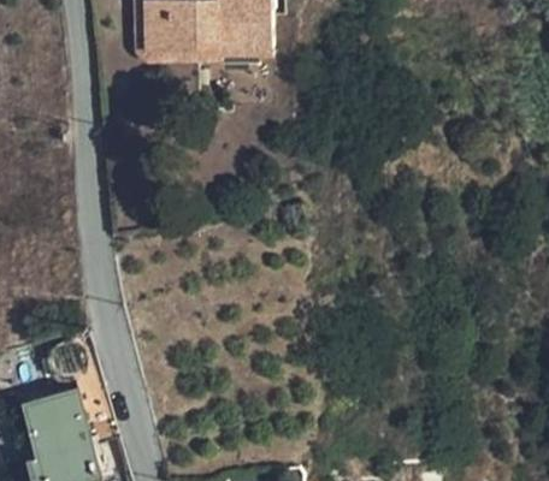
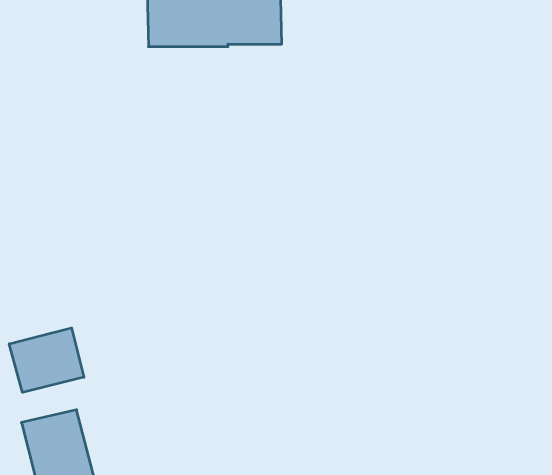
building: none -> [9,328,84,392]

